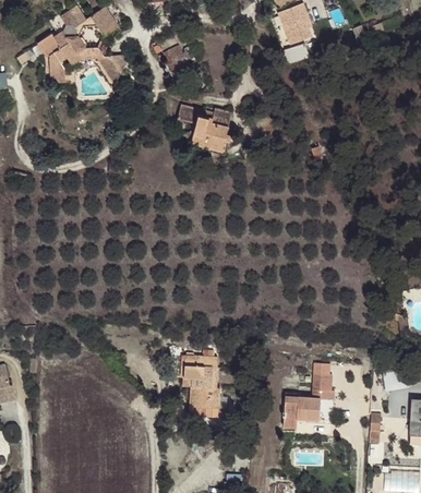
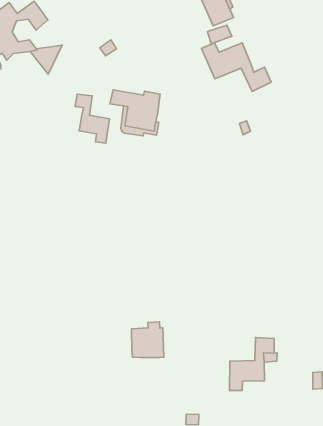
building: none -> [202,43,271,92]
building: none -> [75,94,109,143]
building: [189,386,217,413] -> none

